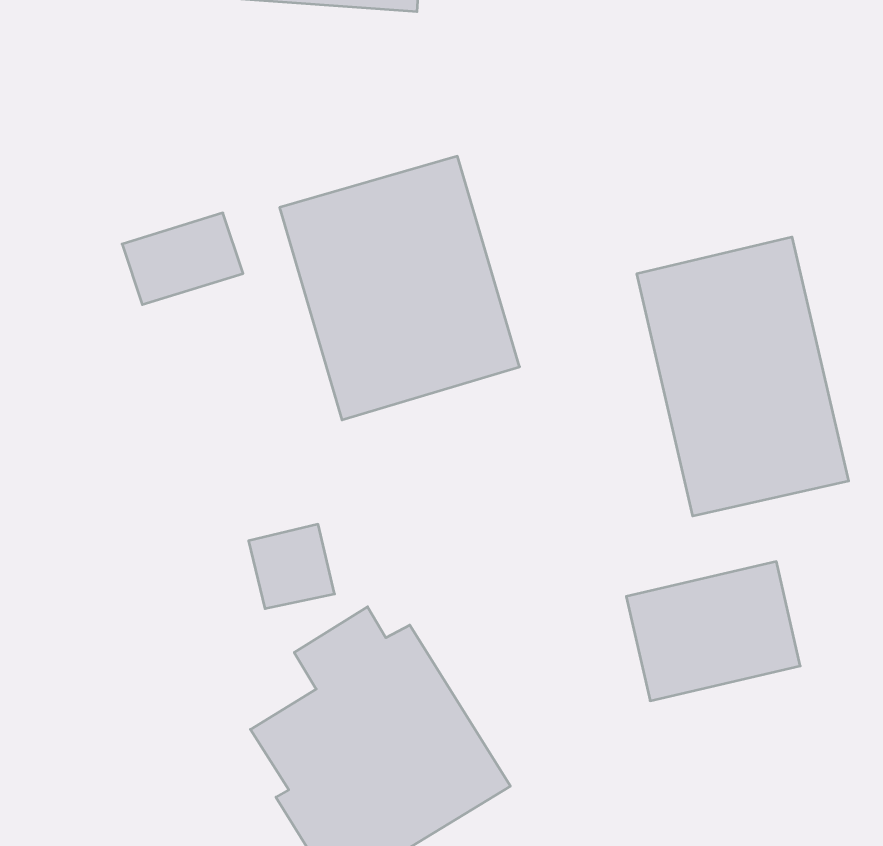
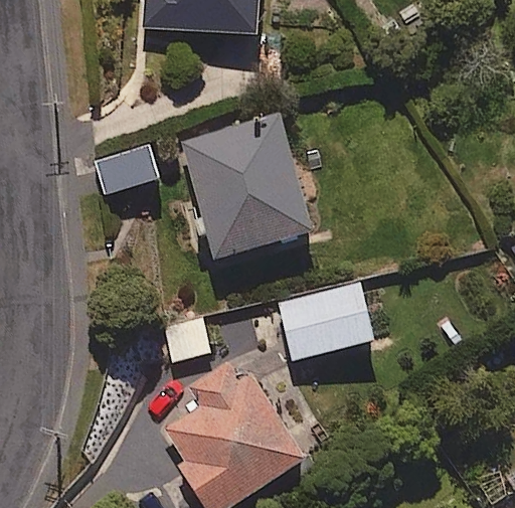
building: [637,237,849,516] -> none
building: [626,562,800,701] -> [278,283,373,359]

